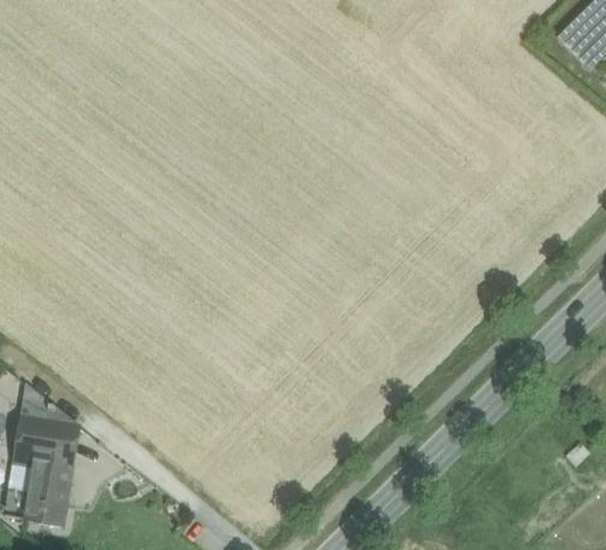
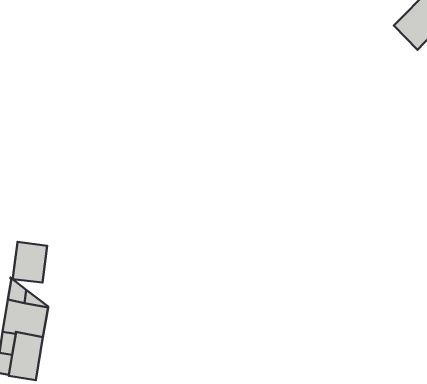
building: none -> [12,242,47,282]

